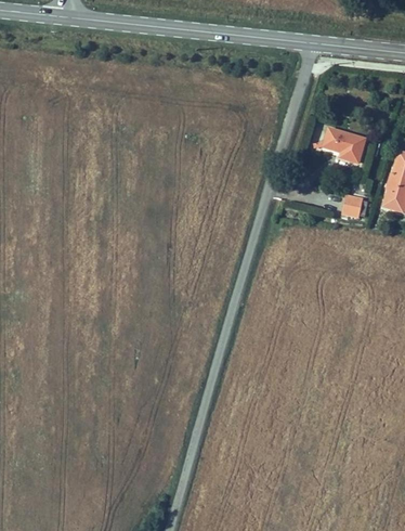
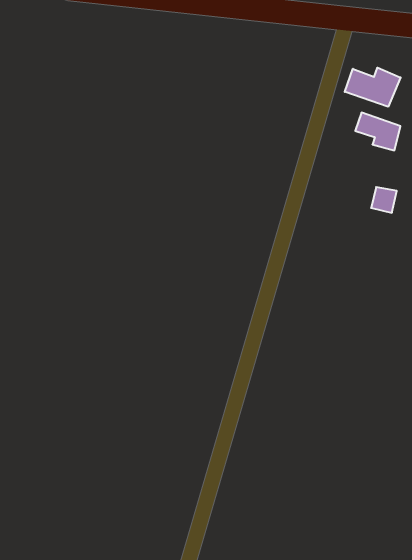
building: none -> [345,68,401,107]

